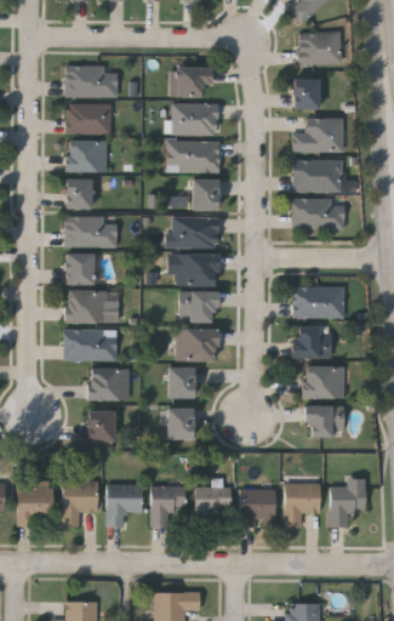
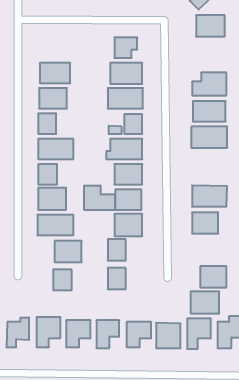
building: [65,65,118,97] -> none
building: [292,76,319,108] -> none
building: none -> [84,185,115,210]
building: [302,365,344,398] -> [191,291,219,313]

